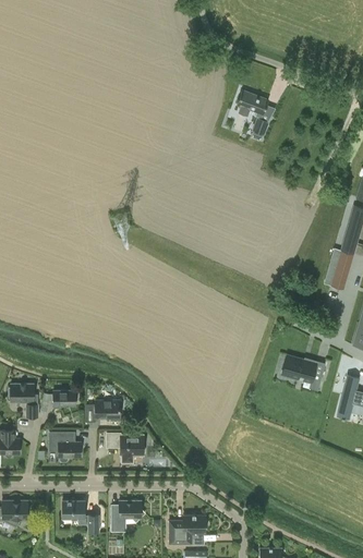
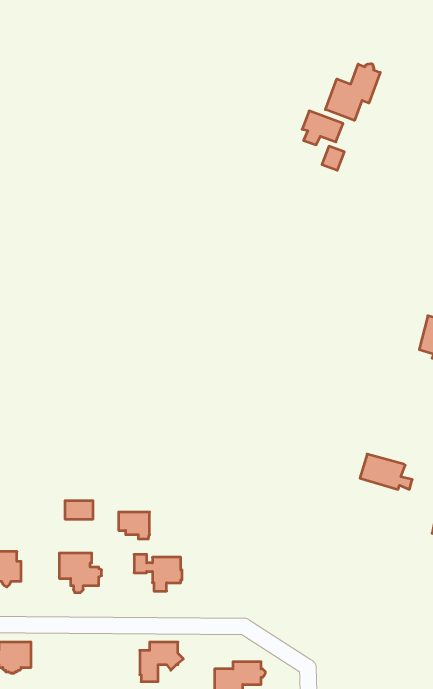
building: none -> [325,64,380,120]
building: [9,384,38,417] -> none
building: [62,500,98,532] -> none

